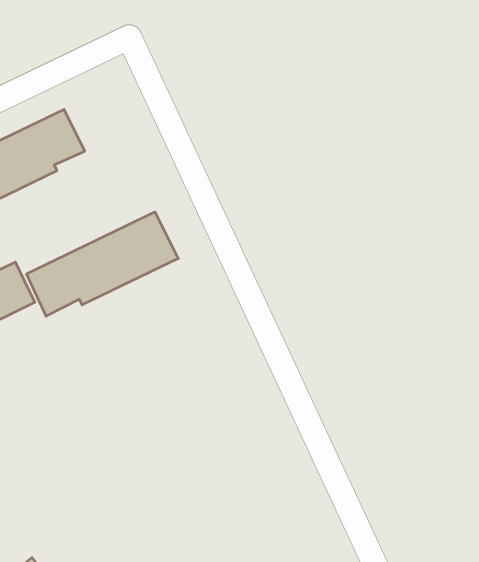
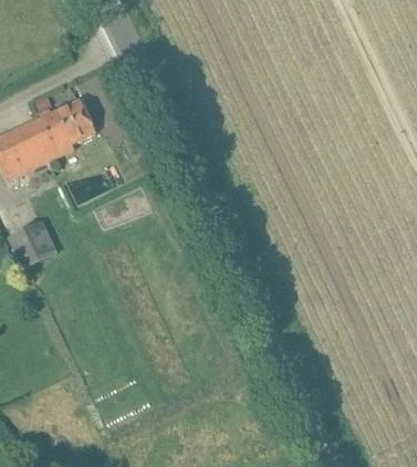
building: [27,212,178,316] -> none

